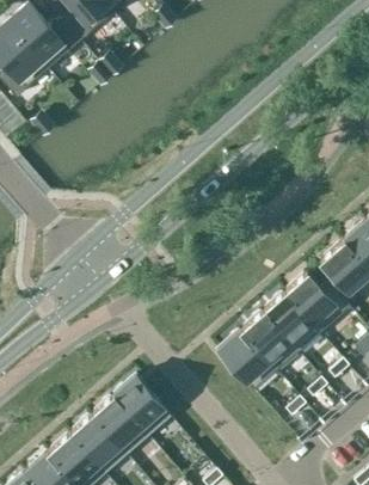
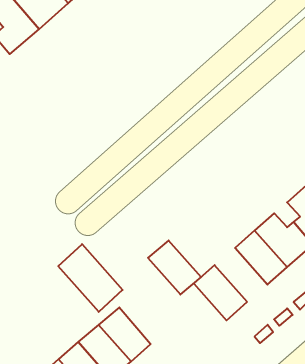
building: none -> [58,244,123,312]
building: [241,311,300,370] -> [148,240,201,295]

